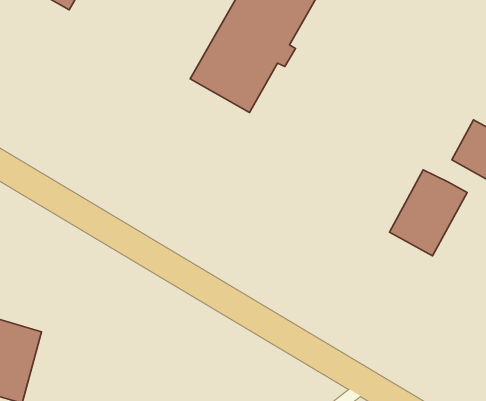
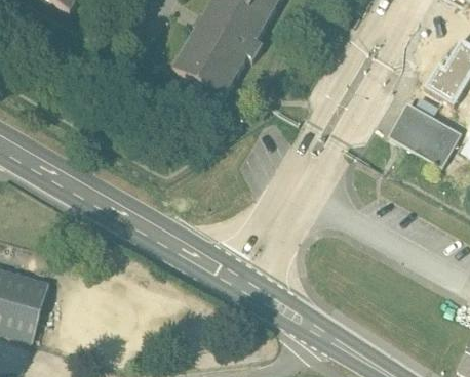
building: [389,170,467,256] -> none

